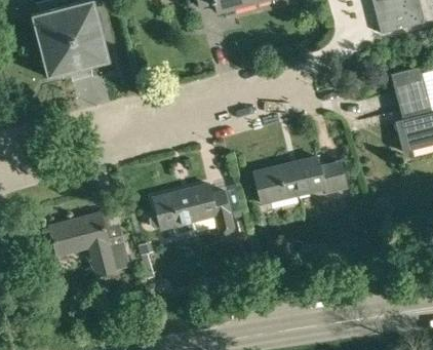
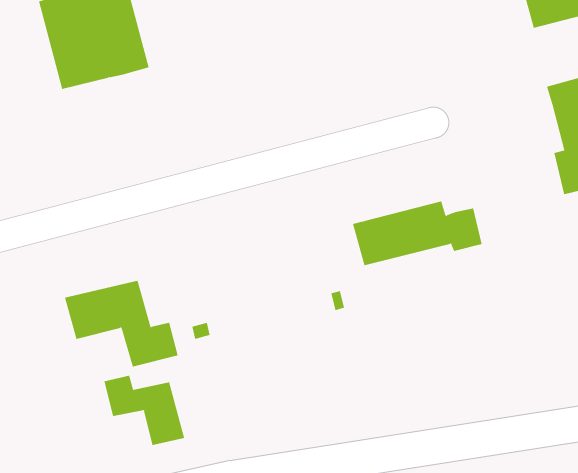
building: [150,184,236,237] -> none
building: none -> [104,375,185,446]

